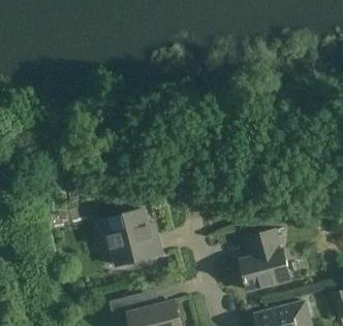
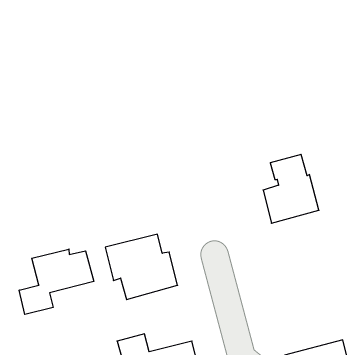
building: none -> [19,249,94,314]
building: [242,229,290,289] -> [263,154,319,223]

